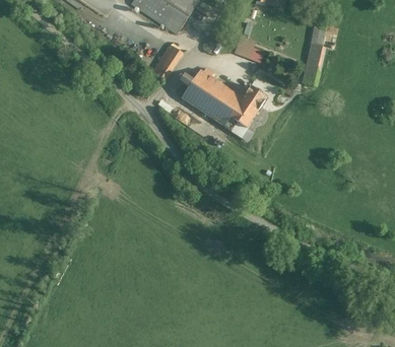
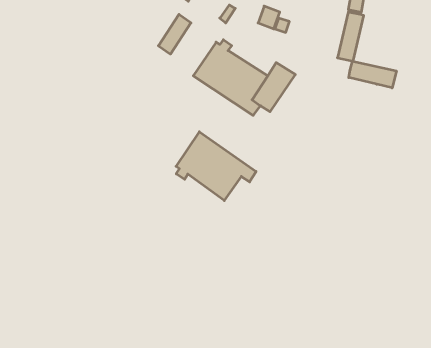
building: none -> [349,61,396,88]
building: none -> [176,132,256,201]

